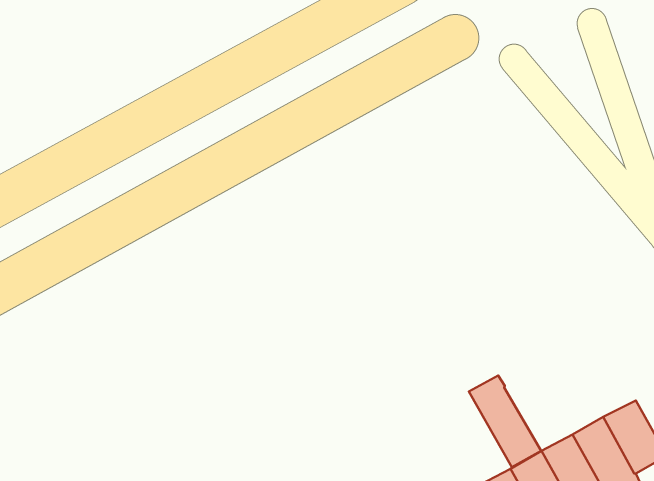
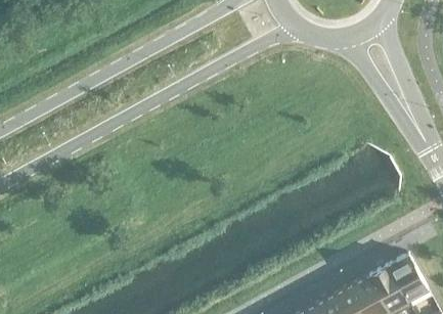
building: [469,375,541,467] -> none

